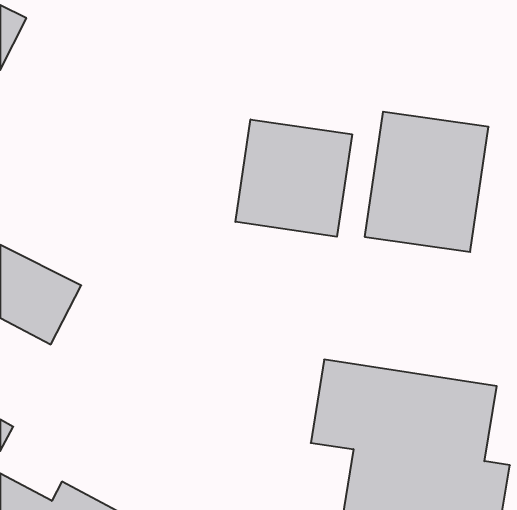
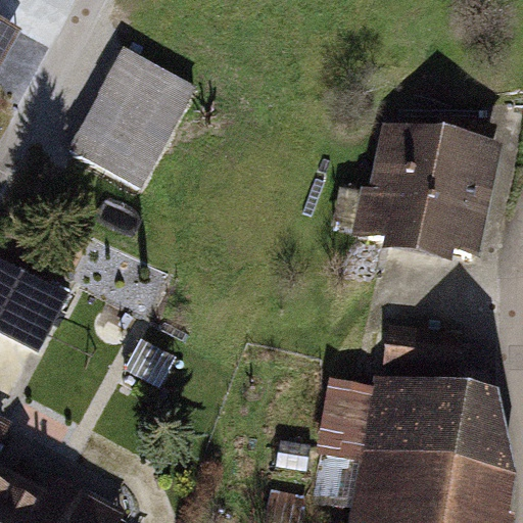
building: none -> [61,38,201,183]
building: [235,119,352,237] -> none

